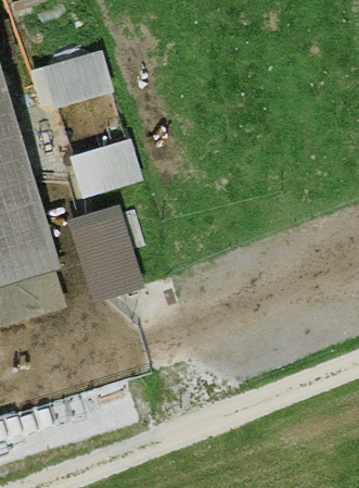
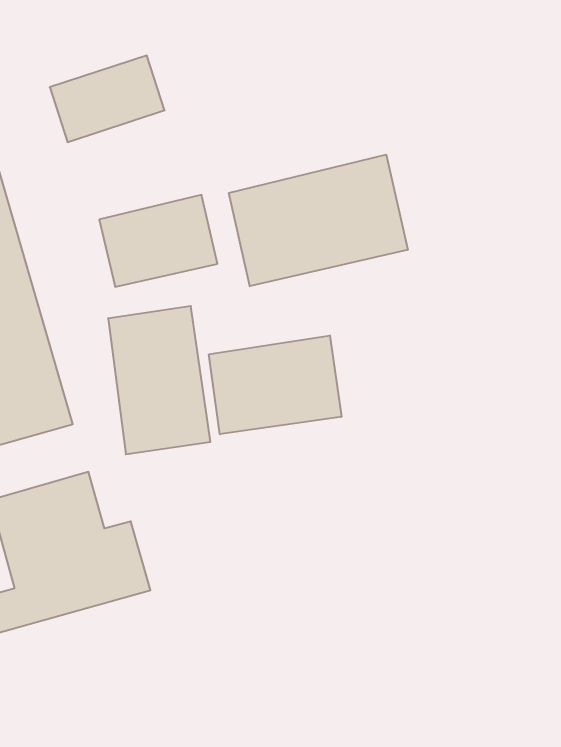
building: none -> [229,155,408,286]
building: none -> [209,335,341,434]

